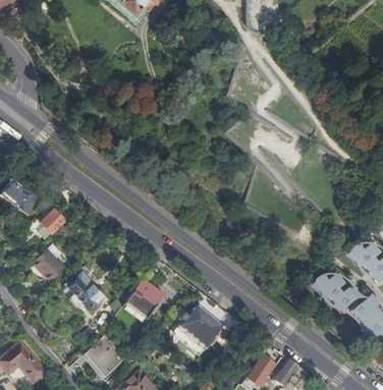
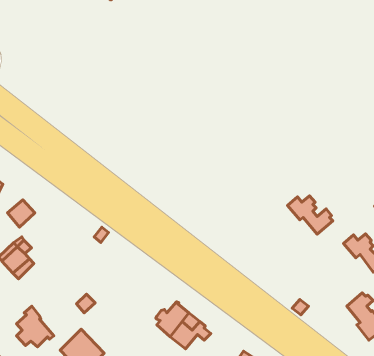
building: [69,272,104,310] -> [17,306,54,347]
building: [316,273,358,309] -> [288,196,333,234]
building: [125,279,164,319] -> none

